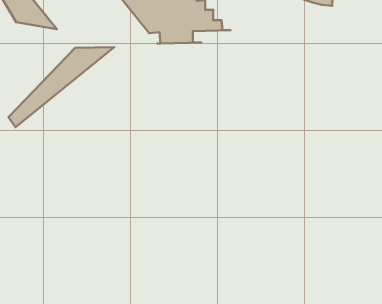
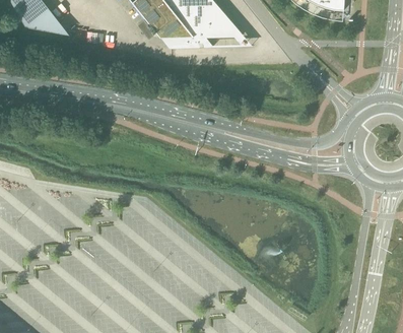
building: [8,47,114,127] -> none

